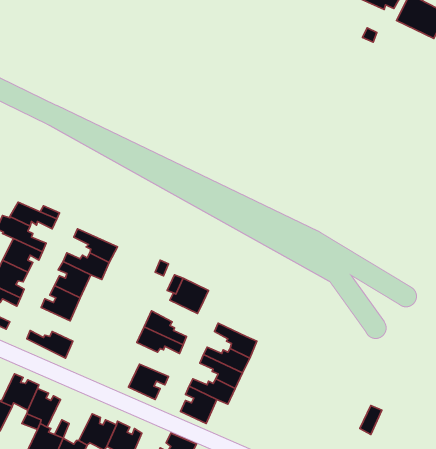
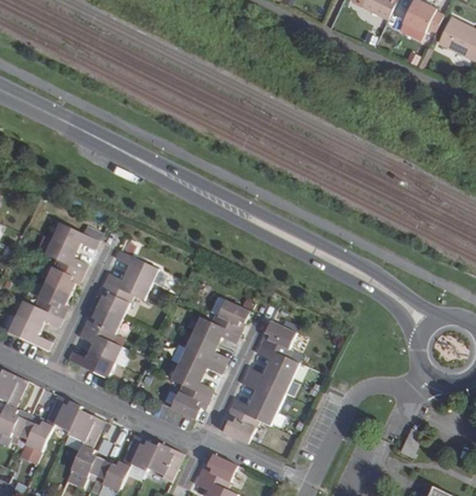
building: none -> [192,317,238,344]
building: none -> [259,322,294,358]
building: none -> [79,329,121,363]
building: none -> [170,364,213,398]

